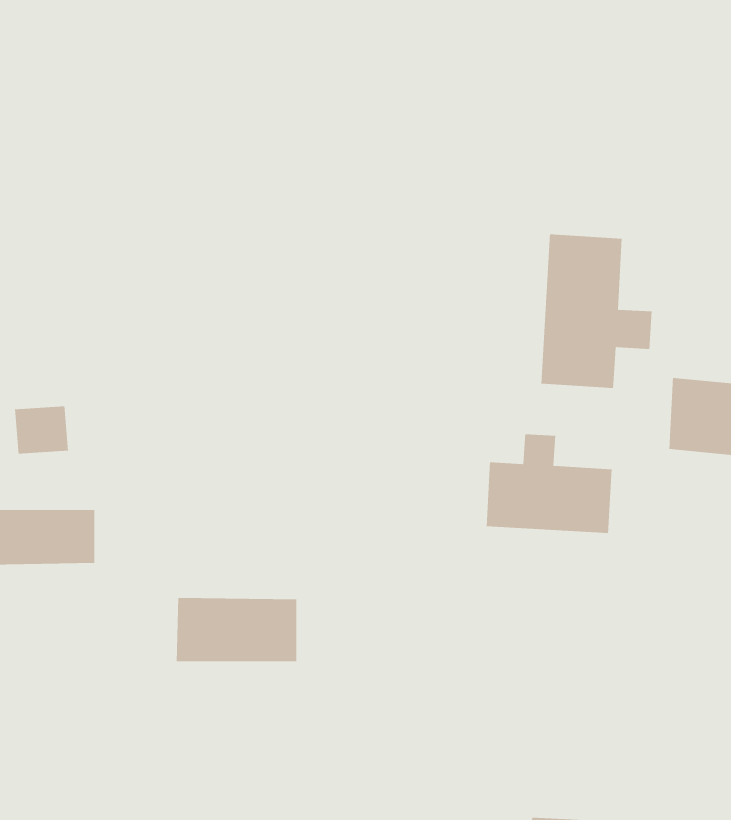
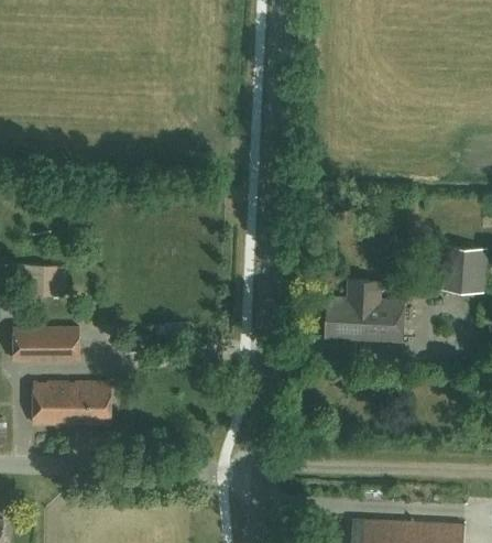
building: [541,234,653,389] -> none
building: [176,597,297,662] -> [36,381,112,422]

